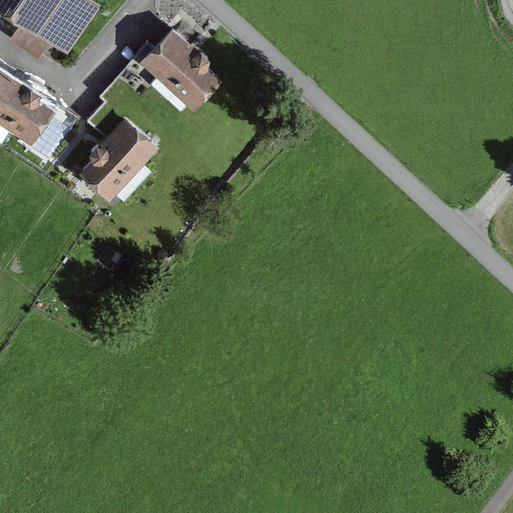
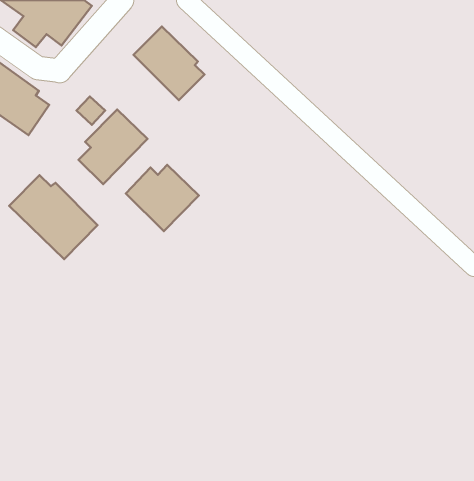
building: none -> [126,165,199,231]
building: none -> [9,175,98,259]

